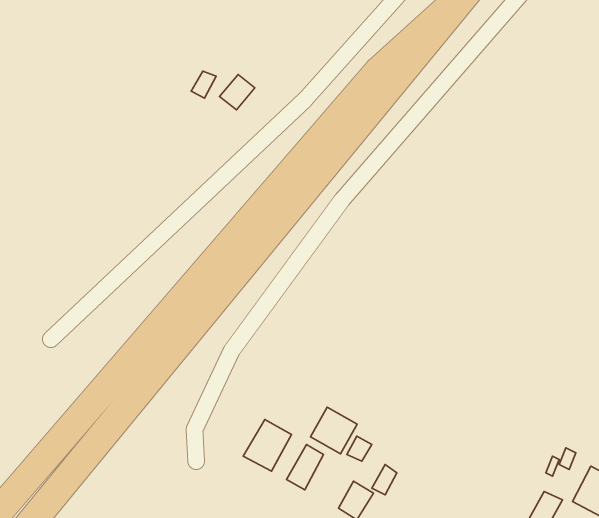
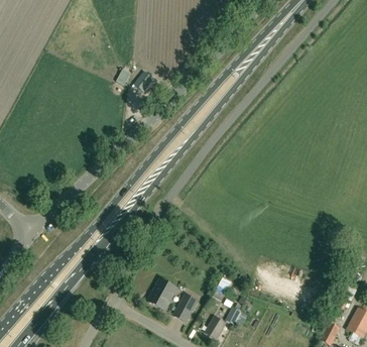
building: [311,407,357,454] -> none

